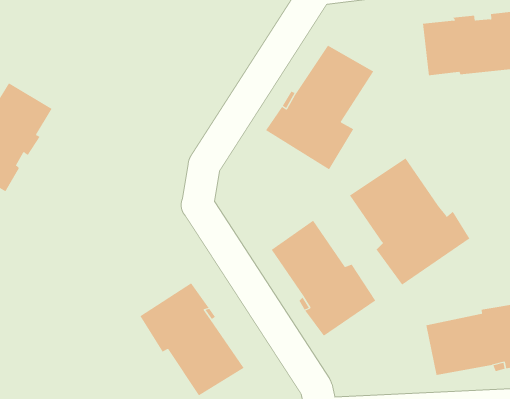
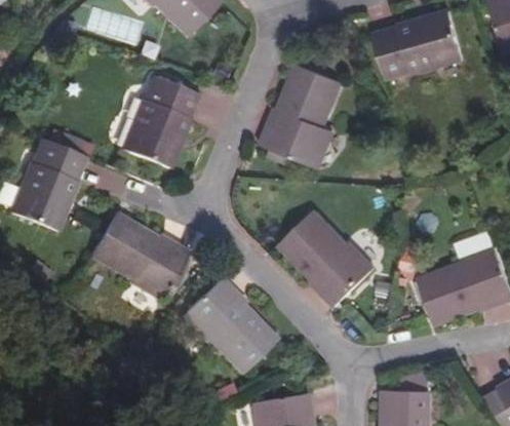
building: none -> [122,77,195,169]
building: [349,158,470,286] -> none
building: none -> [91,215,189,300]

